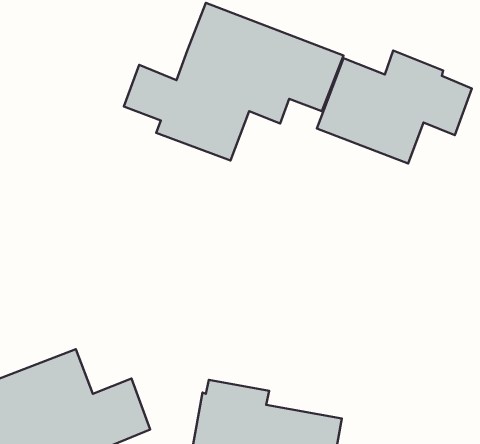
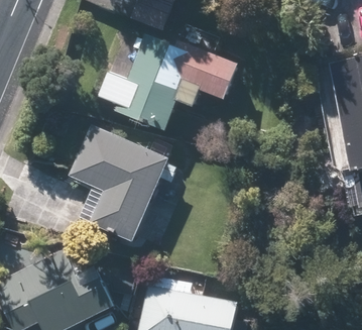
building: [317,50,472,163] -> none
building: none -> [67,123,171,241]

